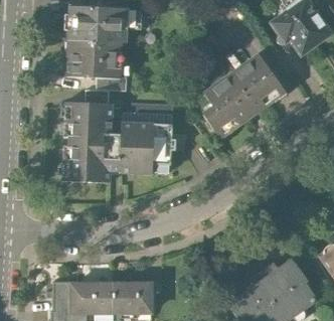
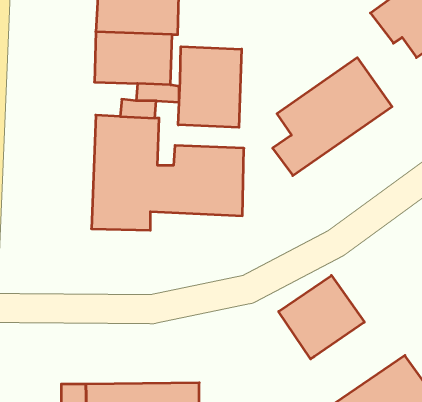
building: none -> [178,47,242,127]
building: none -> [279,275,364,359]

